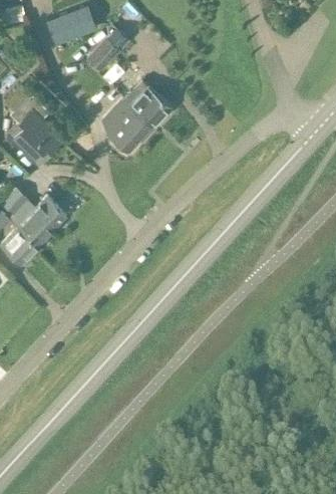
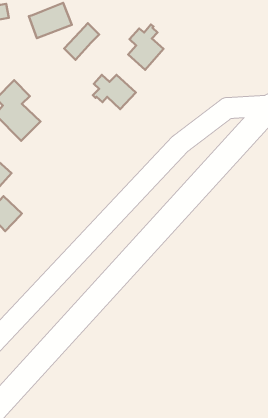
building: none -> [128,25,163,70]
building: [100,97,151,153] -> none
building: [18,196,65,246] -> none

